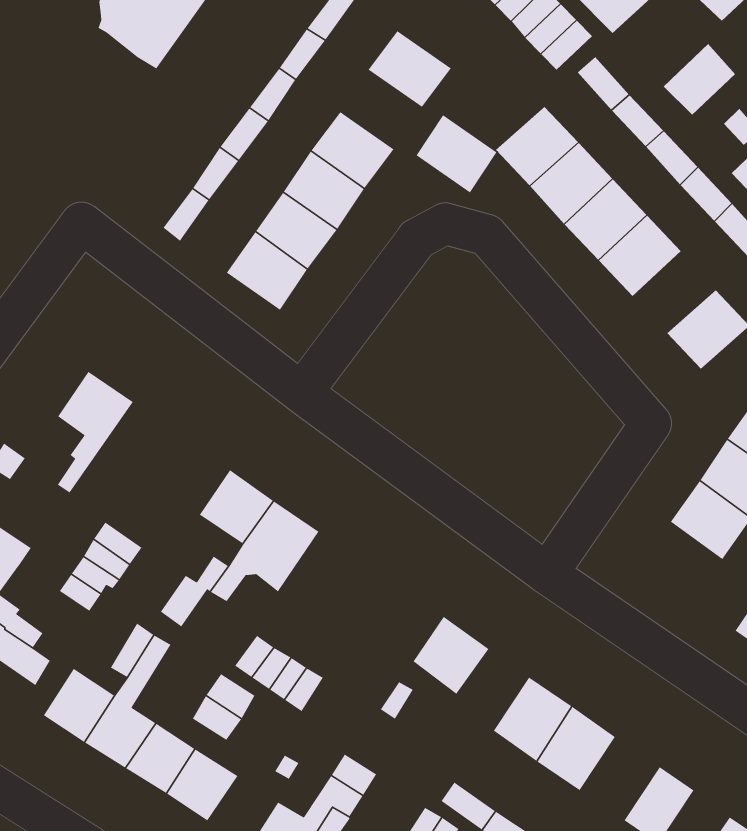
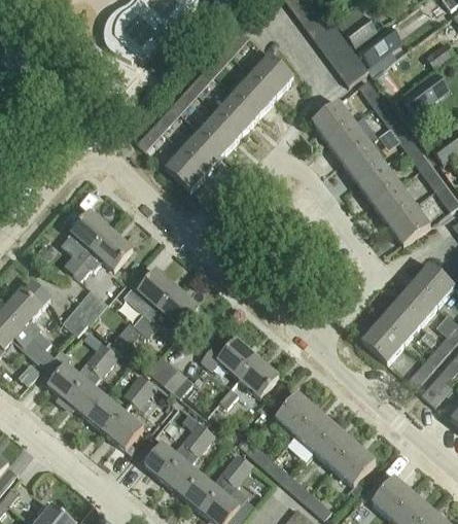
building: [415,114,498,194] -> [234,72,276,114]
building: none -> [373,183,416,224]
building: none -> [73,229,132,279]
building: none -> [361,321,403,363]
building: none -> [202,338,257,378]
building: none -> [317,428,359,471]

